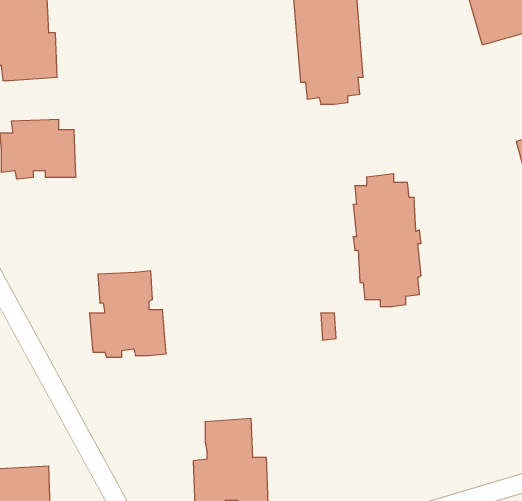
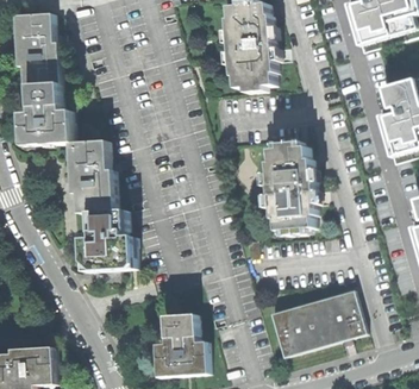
building: none -> [27,74,62,105]
building: none -> [71,142,115,212]
building: none -> [270,289,365,356]

